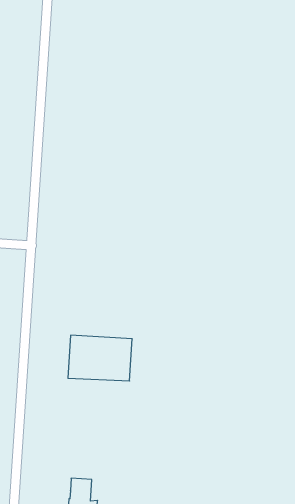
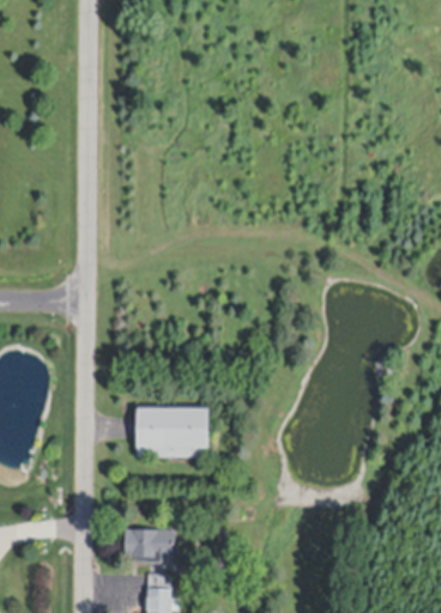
building: none -> [123,528,174,563]

